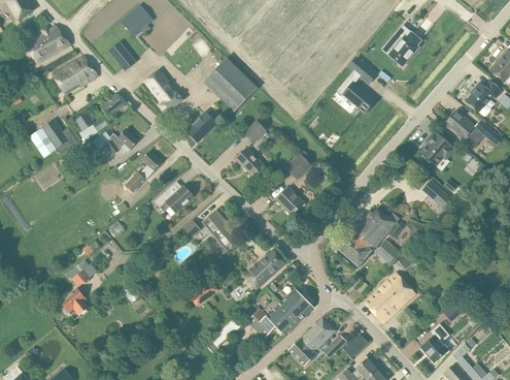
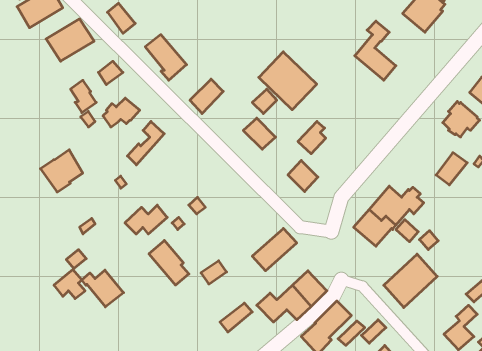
building: [204,58,258,112] -> [259,52,317,110]
building: [30,118,69,157] -> [40,150,83,192]
building: [156,185,195,212] -> [125,205,167,234]
building: [203,209,240,250] -> [149,240,189,285]
building: none -> [82,270,124,307]

